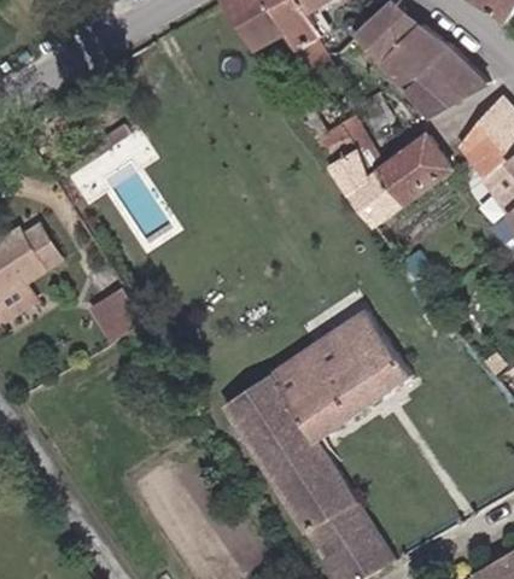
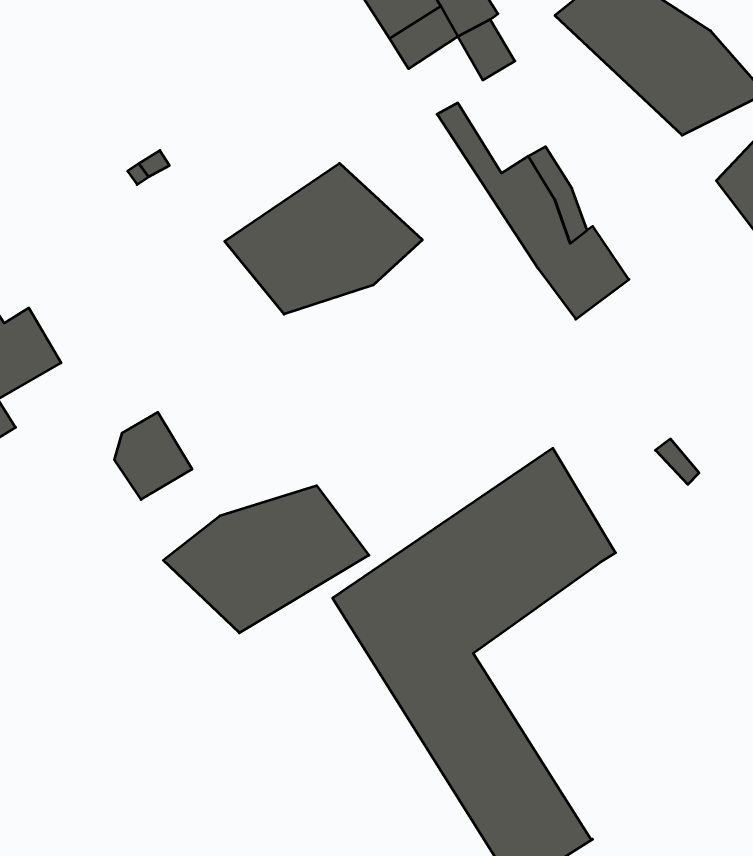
building: none -> [225,163,422,314]
building: [385,133,458,201] -> none
building: none -> [163,486,369,633]

